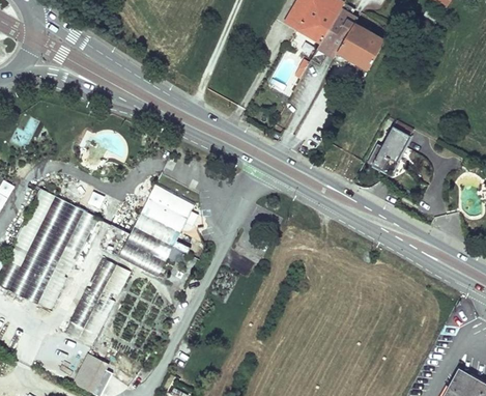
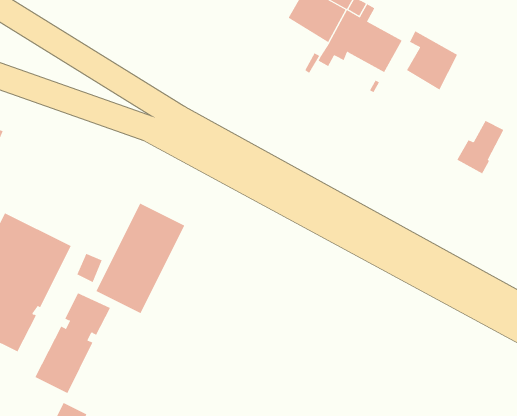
building: none -> [406,30,458,90]
building: [367,129,408,175] -> [456,120,504,174]

